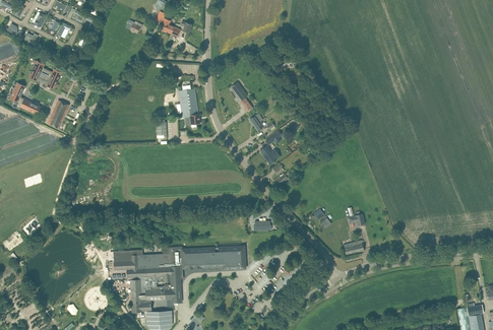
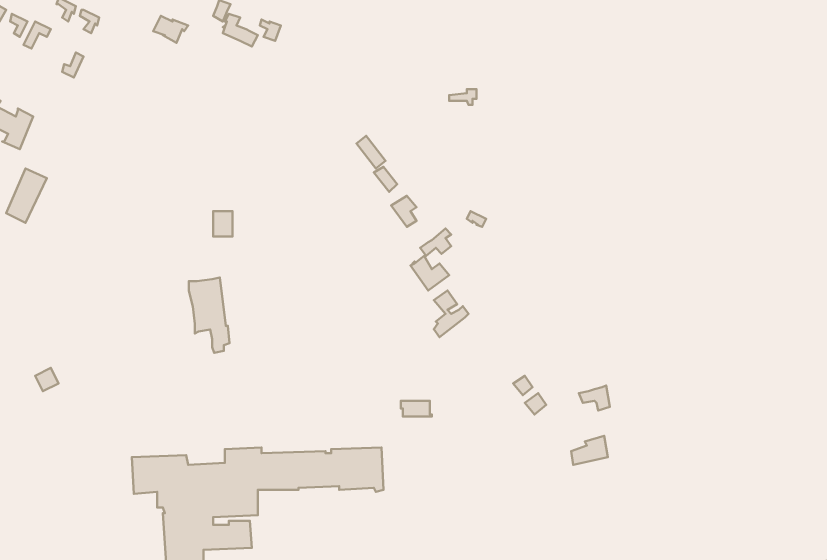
building: [179,88,200,128] -> [189,277,230,353]

